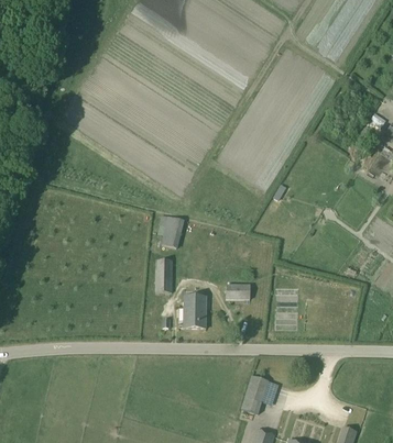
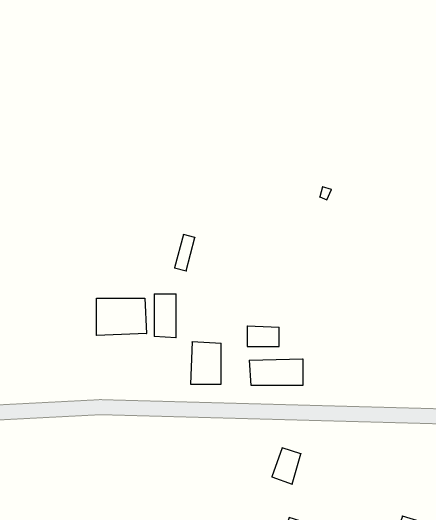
building: none -> [97,298,146,335]
building: none -> [249,359,303,385]

